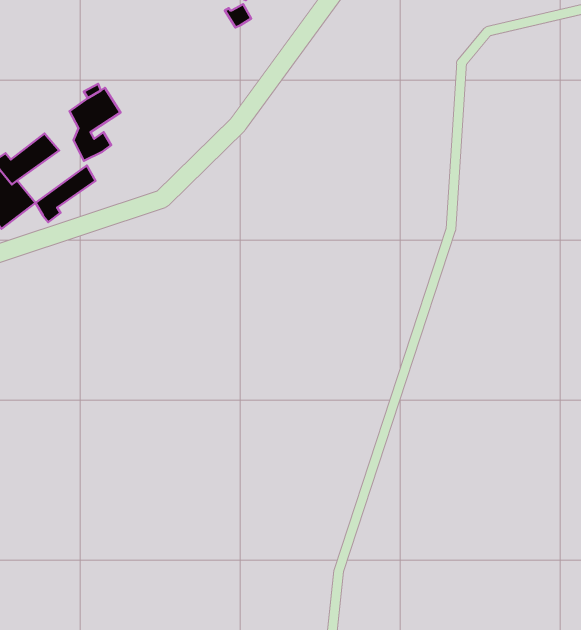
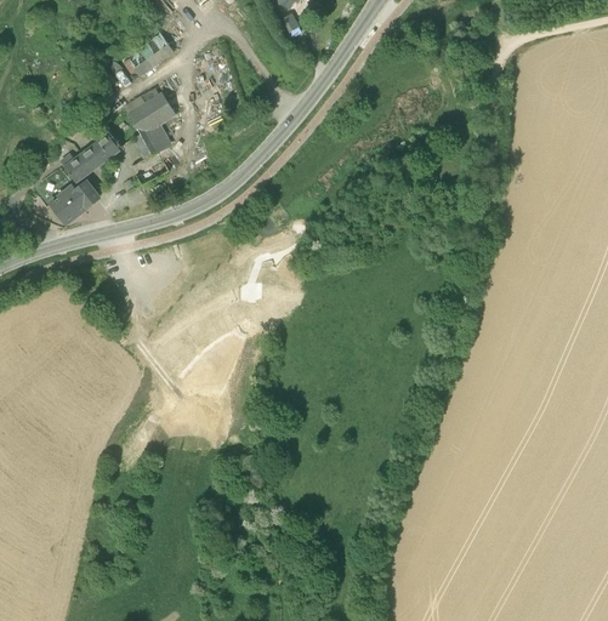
building: none -> [127,29,177,76]
building: [36,166,96,222] -> none

